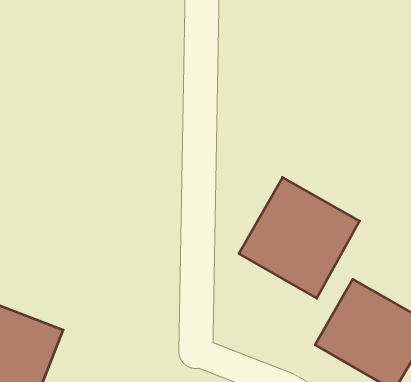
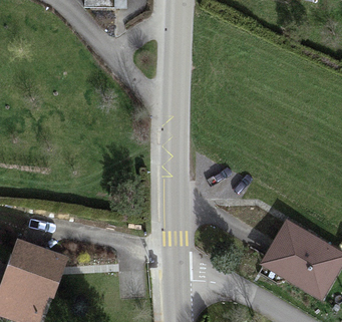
building: [239,177,360,298] -> none

